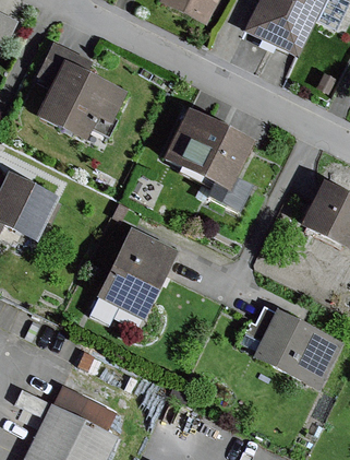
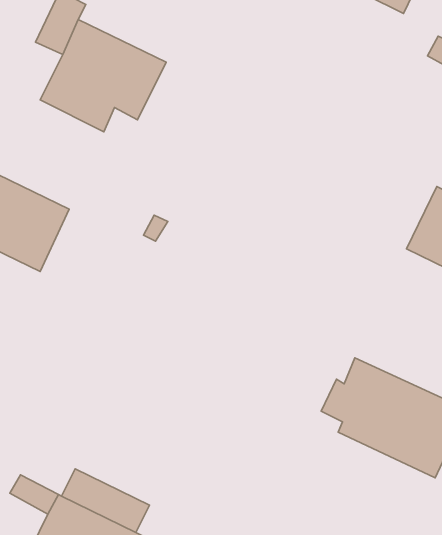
building: [166,110,254,211] -> none
building: [88,227,180,327] -> none

